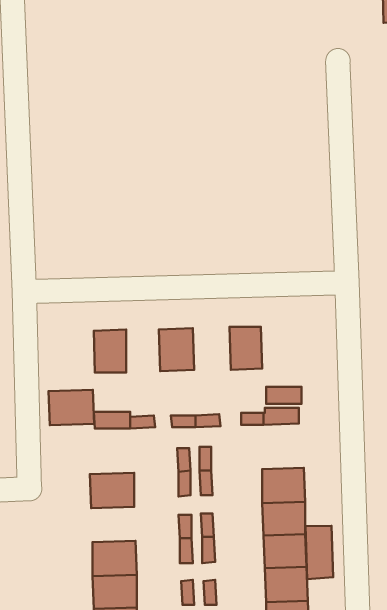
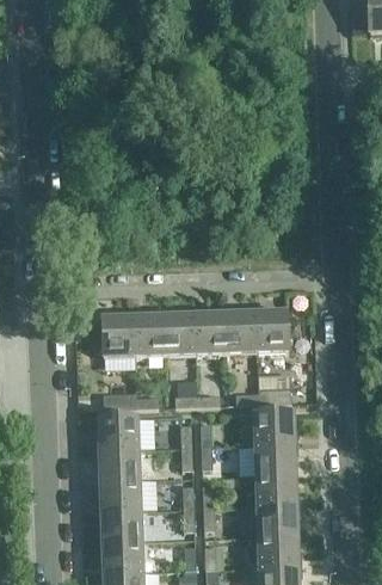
building: none -> [255,312,288,351]
building: none -> [193,313,228,352]
building: none -> [133,315,164,355]
building: [48,390,94,425] -> [98,415,140,448]
building: none -> [255,411,295,443]
building: none -> [100,478,141,510]
building: [305,526,333,579] -> none

